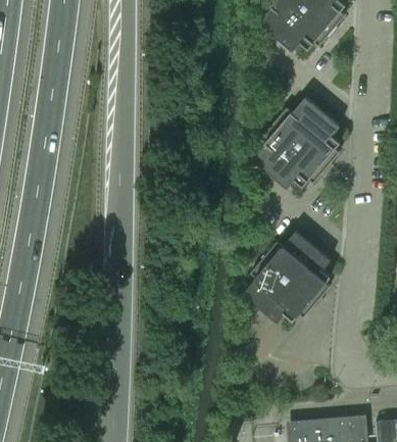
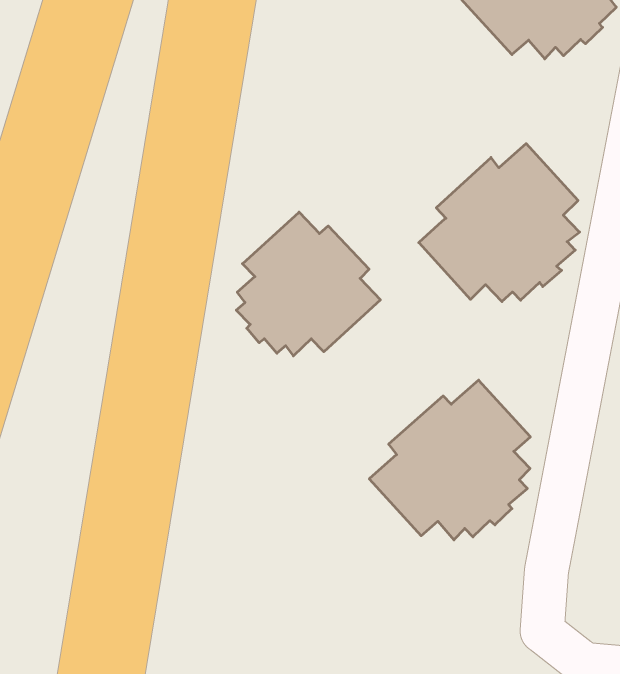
building: none -> [236,212,380,356]

